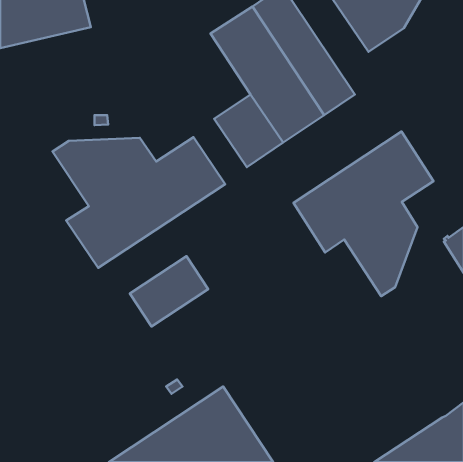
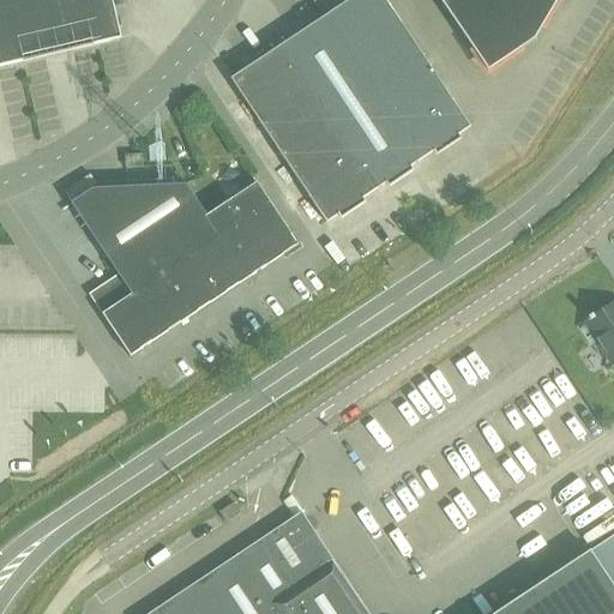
building: none -> [231,44,332,157]
building: [293,132,434,296] -> none
building: [130,256,208,326] -> none

